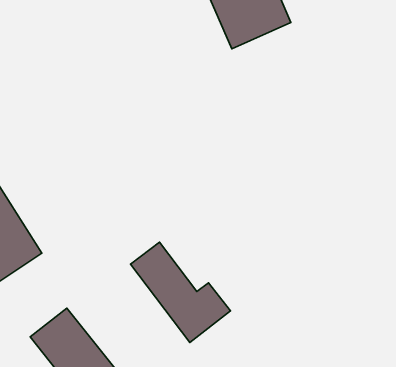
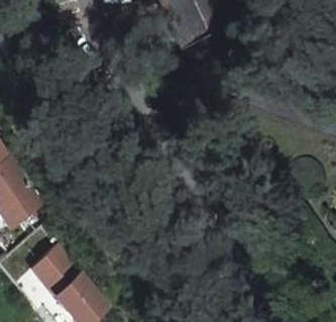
building: [131,242,230,342] -> none

